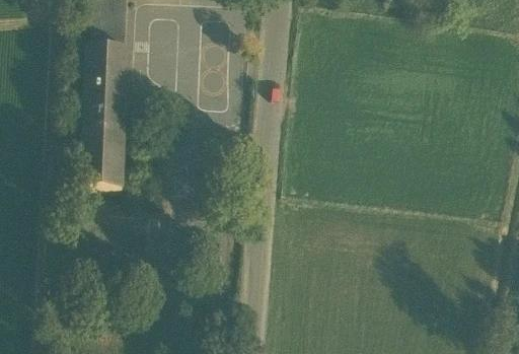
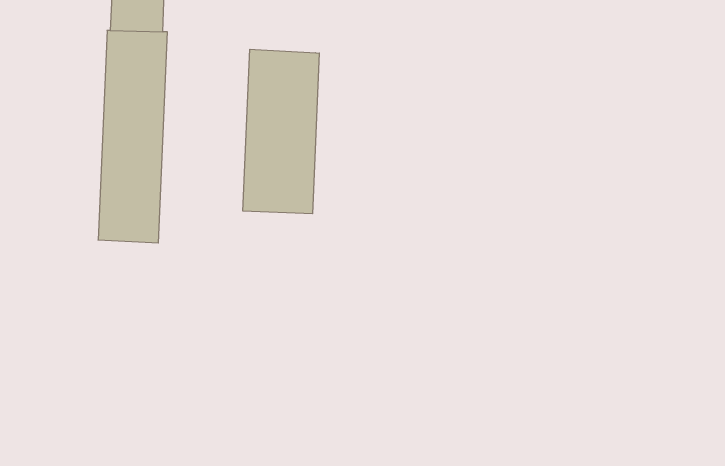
building: none -> [243,49,319,214]

